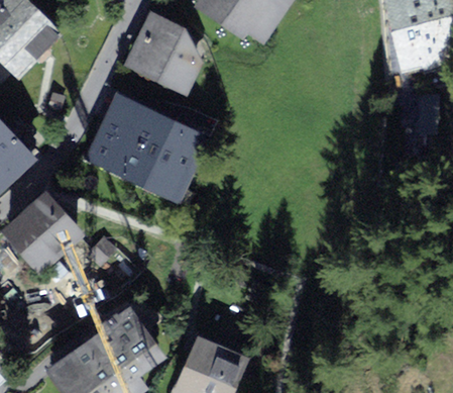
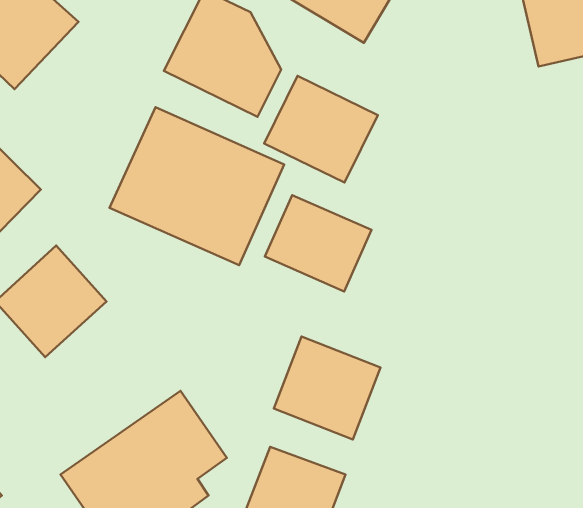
building: none -> [264,76,378,183]
building: none -> [265,195,371,291]
building: none -> [274,336,381,440]

